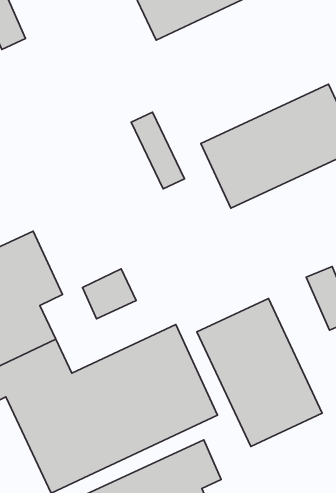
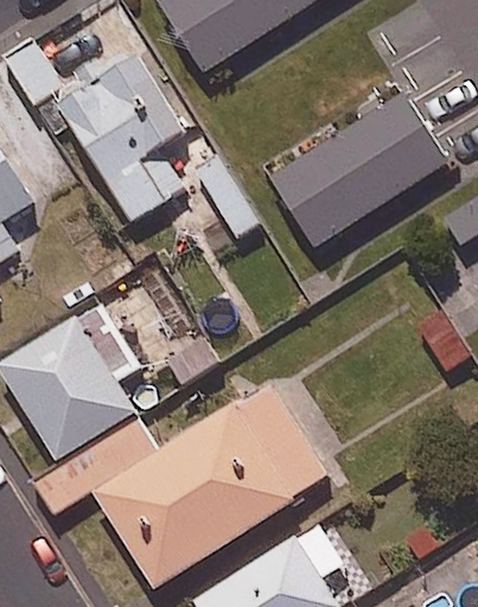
building: none -> [56,56,186,219]
building: [197,298,322,447] -> none

